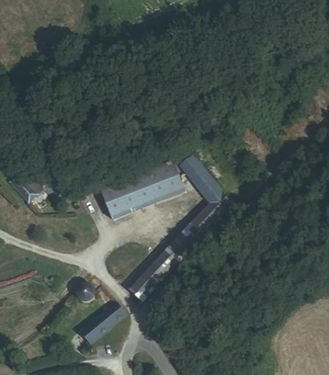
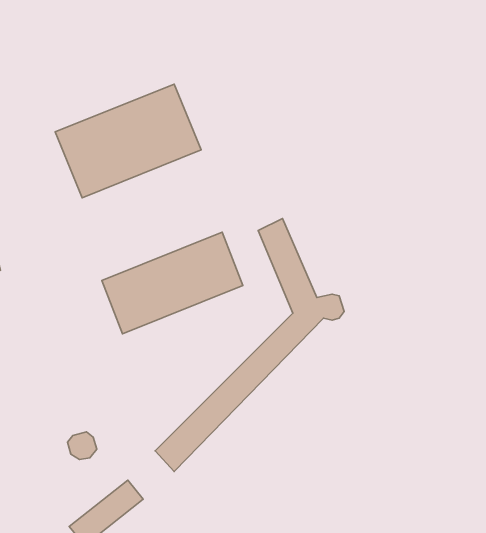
building: none -> [55,84,201,198]

